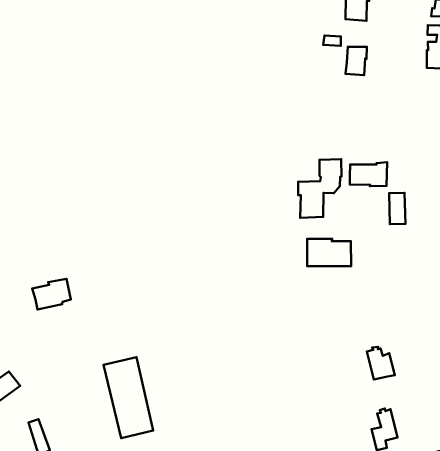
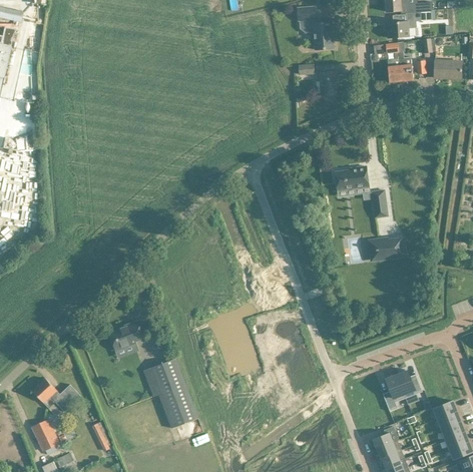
building: [298,159,341,218] -> none
building: [307,239,351,266] -> [367,235,407,262]
building: [32,279,71,309] -> [108,321,142,350]
building: [367,347,395,380] -> [396,369,422,397]

